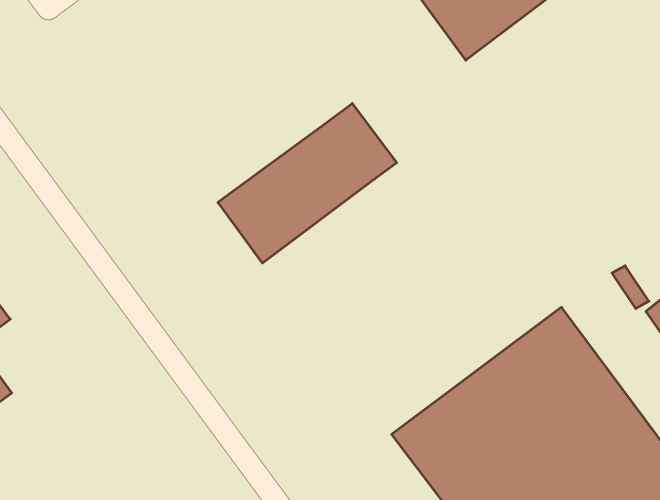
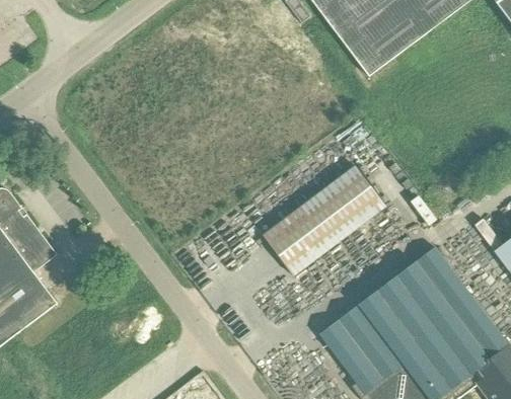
building: [218,103,397,263] -> [264,164,386,273]

